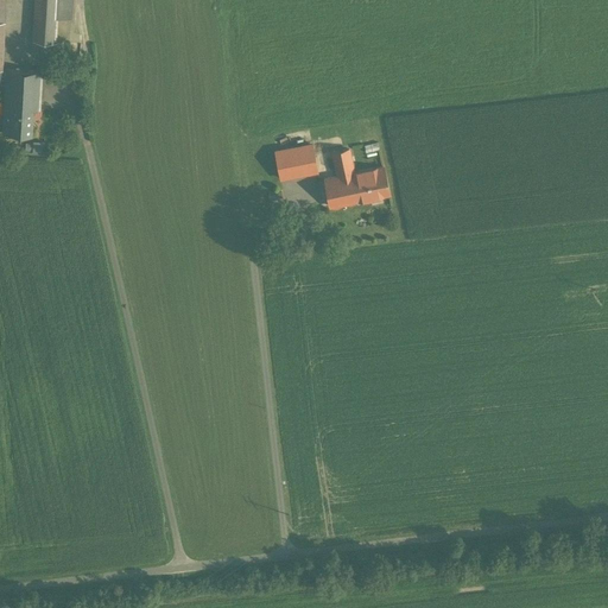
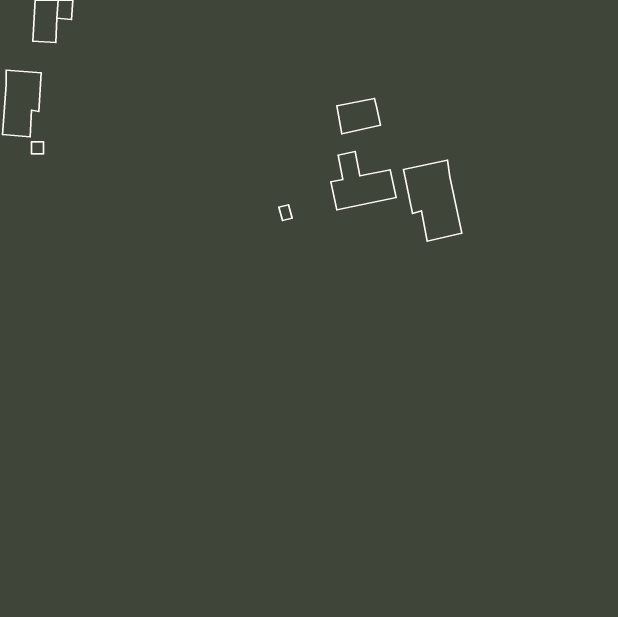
building: [276,146,318,180] -> [337,99,381,134]
building: none -> [404,160,462,241]

